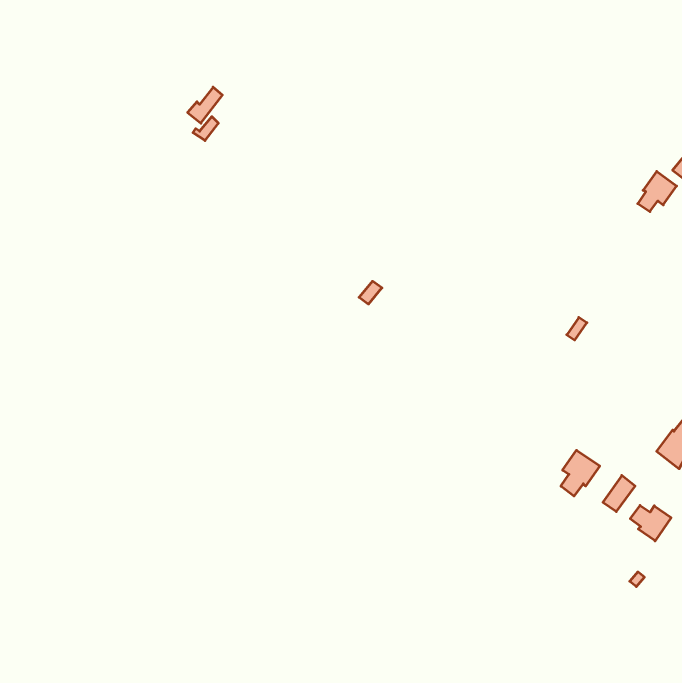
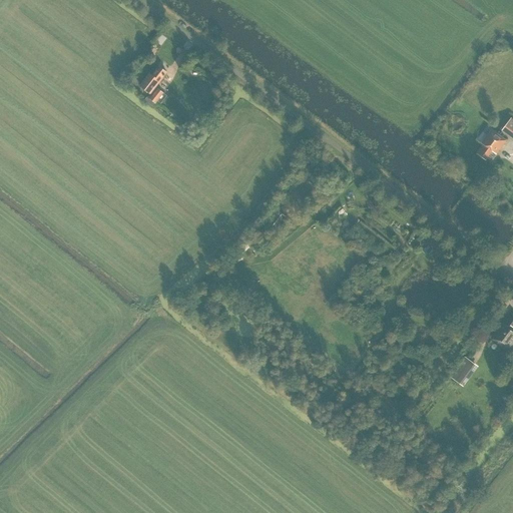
building: [561,450,600,496] -> none
building: [630,505,671,541] -> none

